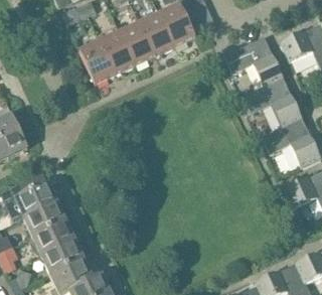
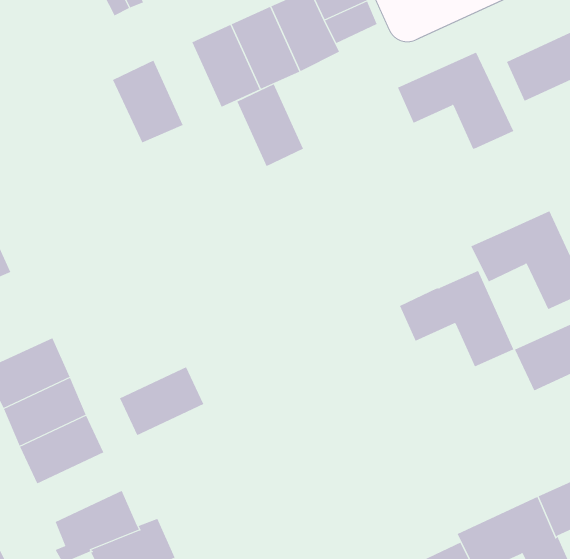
building: [100,31,134,73] -> [237,84,304,167]
building: [243,77,301,126] -> [399,270,514,367]
building: [40,240,84,275] -> [119,367,204,436]

